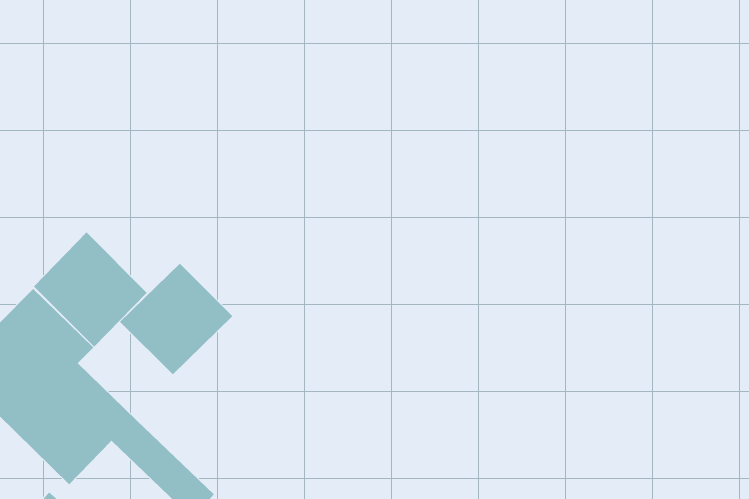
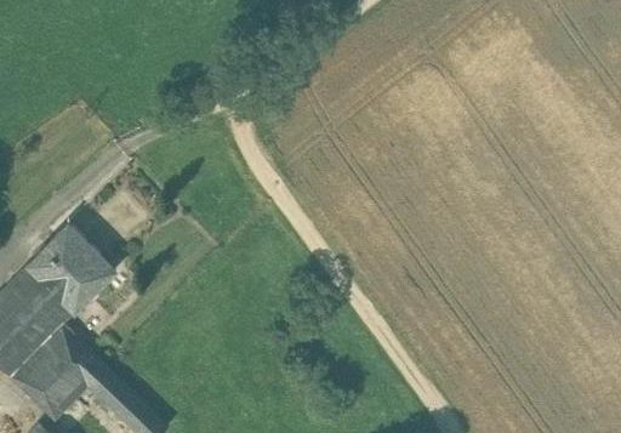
building: [119,263,233,375] -> none

